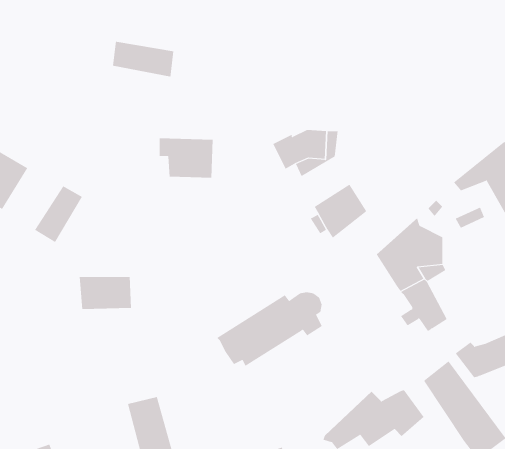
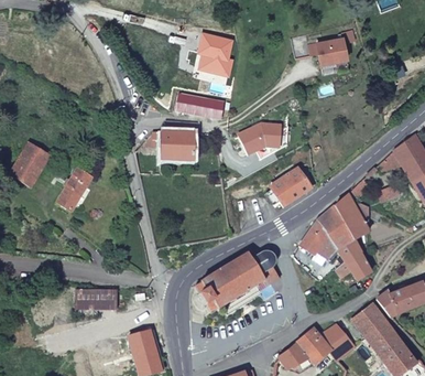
building: none -> [197,32,230,74]
building: none -> [304,32,342,61]
building: [112,41,174,77] -> [175,93,222,120]
building: none -> [299,221,338,260]
building: [79,277,132,310] -> [75,290,116,315]

